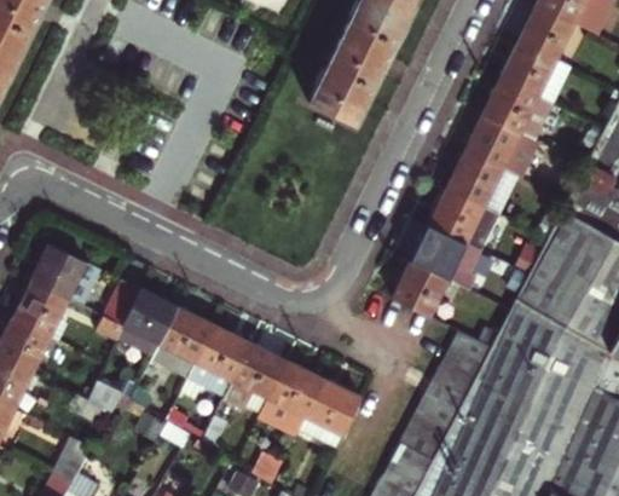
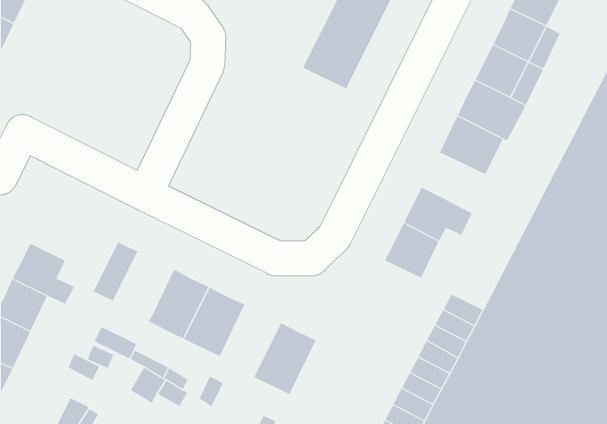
building: [429,188,501,249] -> none
building: [31,243,100,305] -> none
building: [116,288,178,357] -> none
building: [221,342,287,416] -> none
building: [297,379,360,449] -> none

